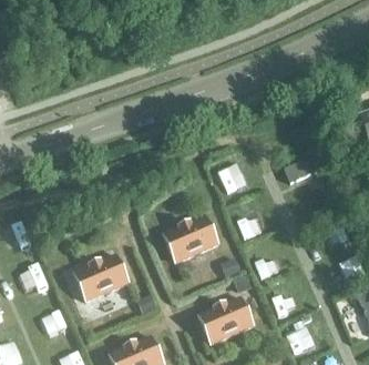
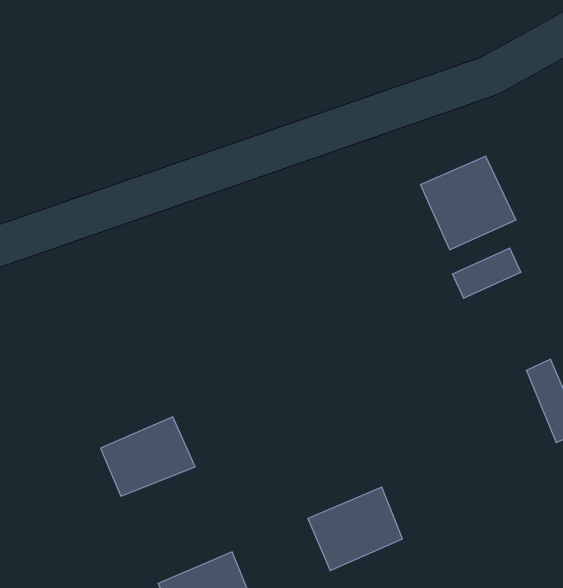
building: none -> [421,156,516,250]
building: [163,213,221,263] -> none

